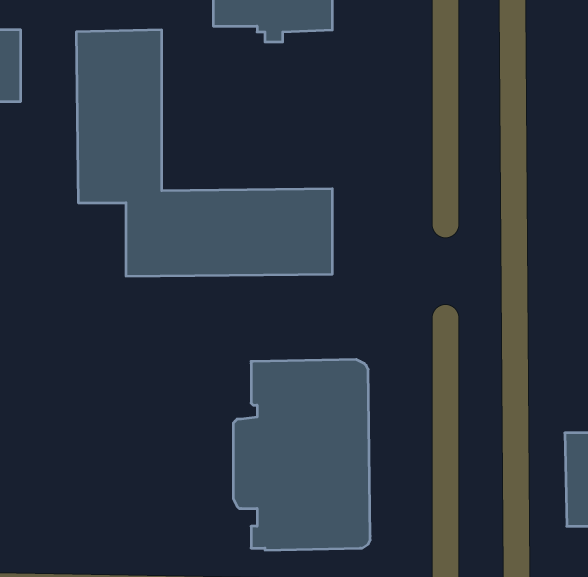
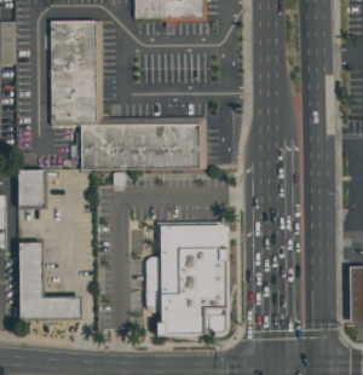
building: none -> [17,169,47,209]
building: none -> [18,242,81,319]

